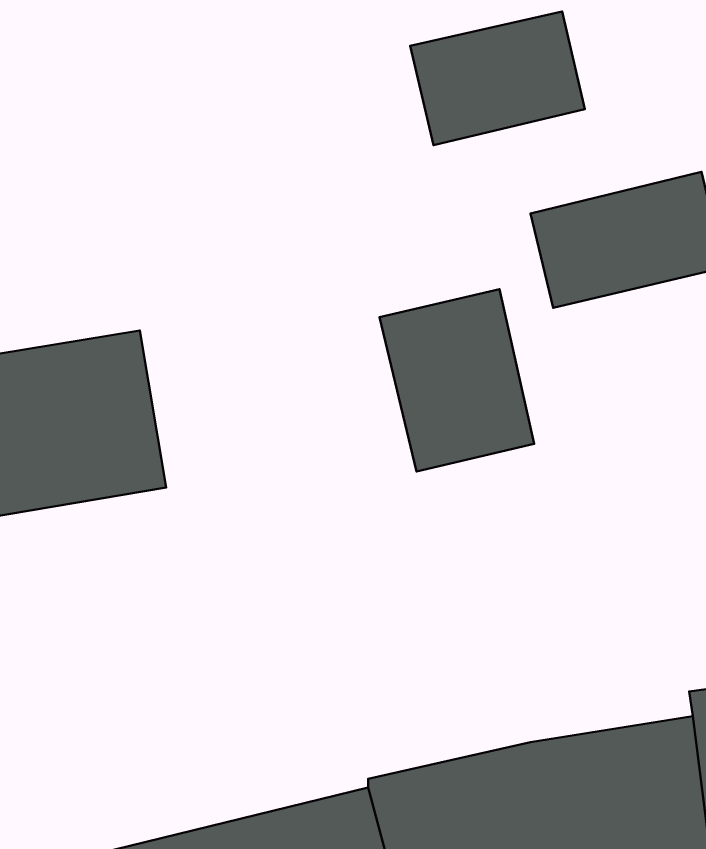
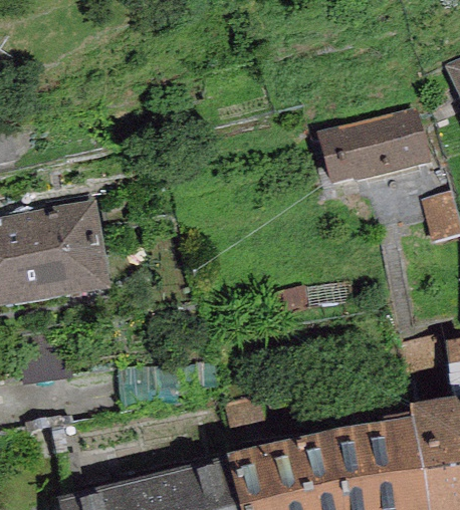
building: [410,12,585,145] -> none
building: [380,289,534,471] -> none

